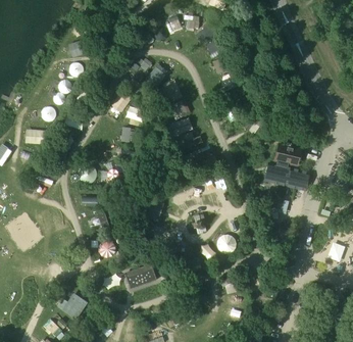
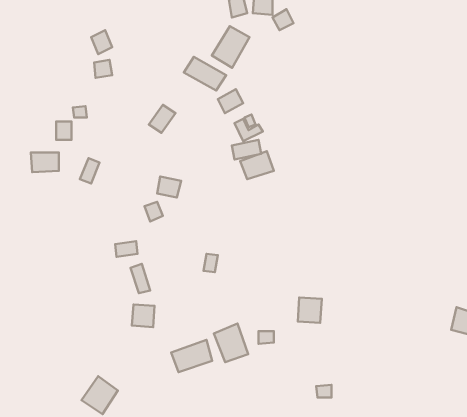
building: none -> [212,26,249,68]
building: [265,143,309,190] -> none
building: none -> [214,324,248,362]

